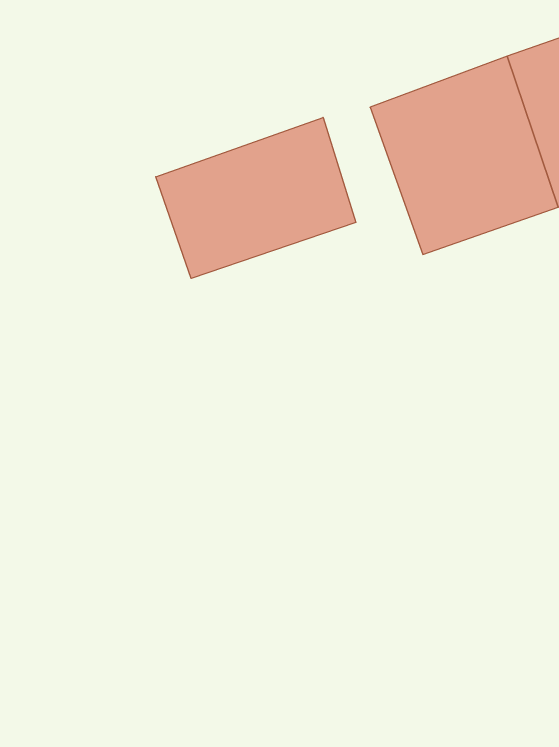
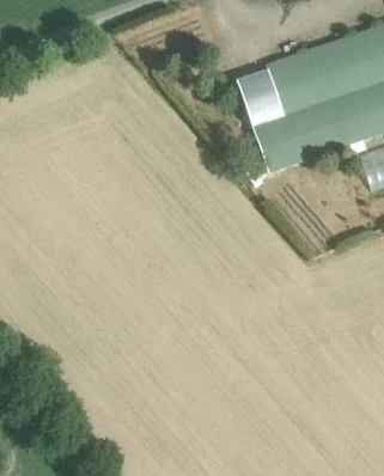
building: [156,117,356,278] -> none

